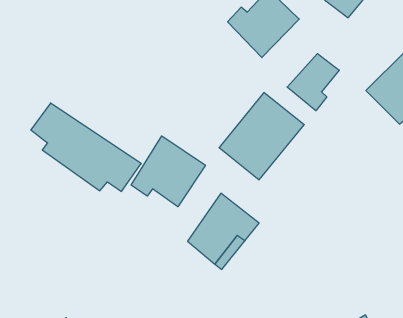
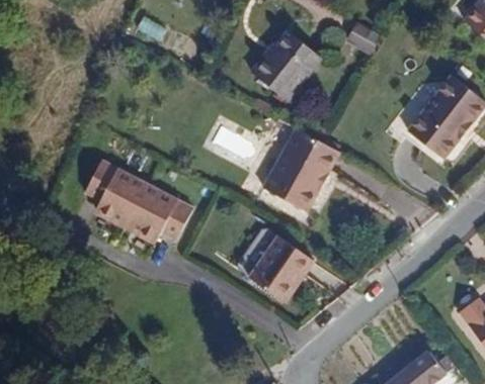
building: [287,54,339,111] -> none
building: [131,136,205,207] -> none

